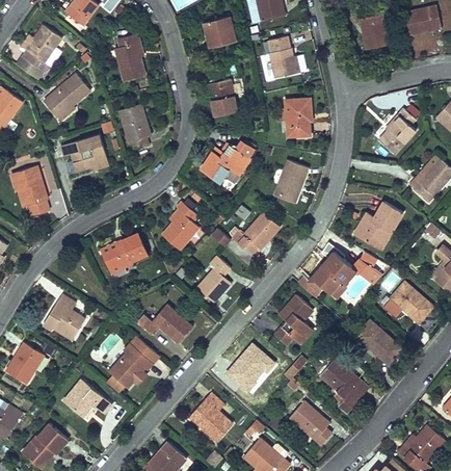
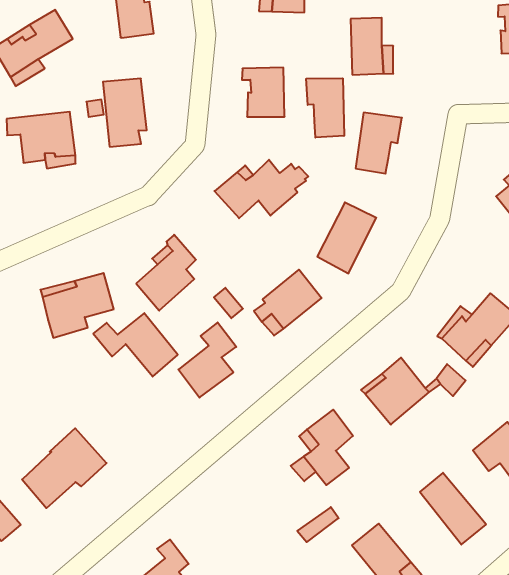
building: none -> [306,78,344,138]
building: [134,304,190,343] -> [93,313,178,377]
building: [224,351,275,394] -> none

